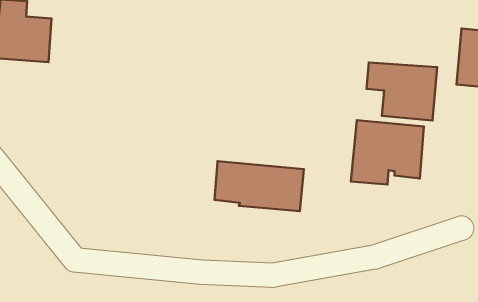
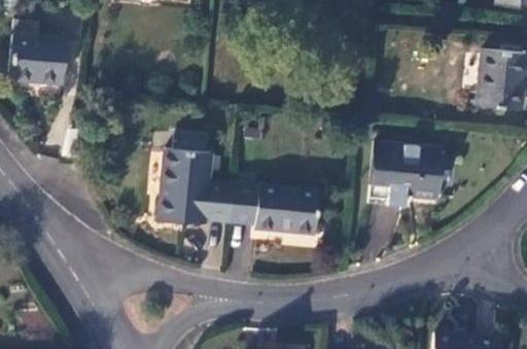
building: [366,62,437,121] -> none
building: none -> [160,135,235,223]

